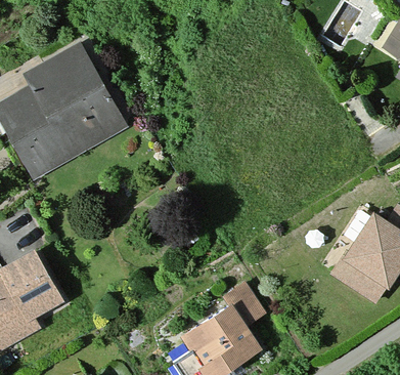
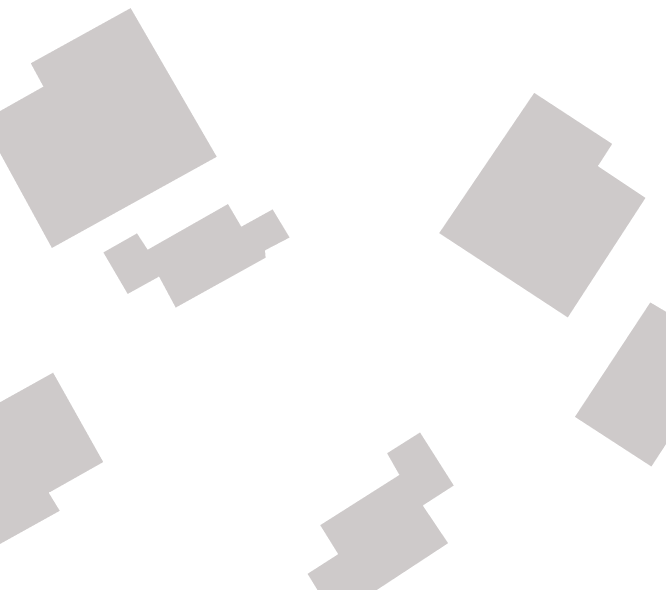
building: none -> [438,92,647,318]
building: none -> [103,203,290,308]

